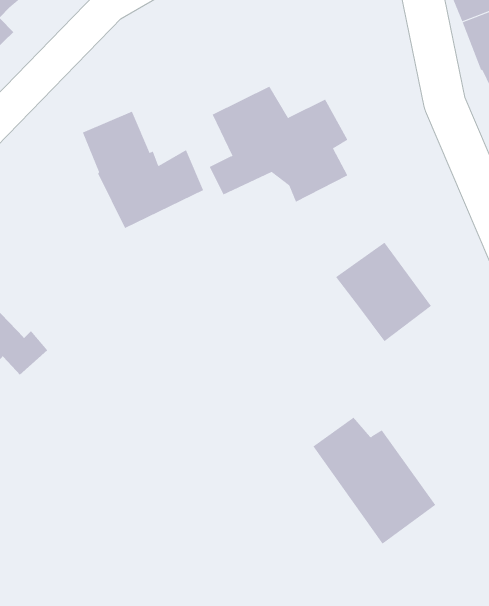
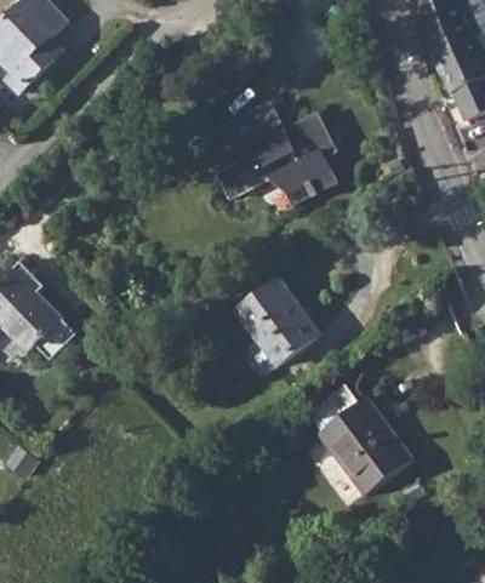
building: [82,111,204,229] -> none
building: [335,242,432,343] -> [236,280,319,366]

